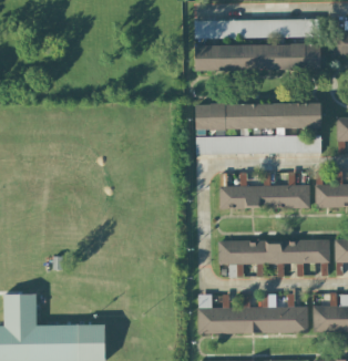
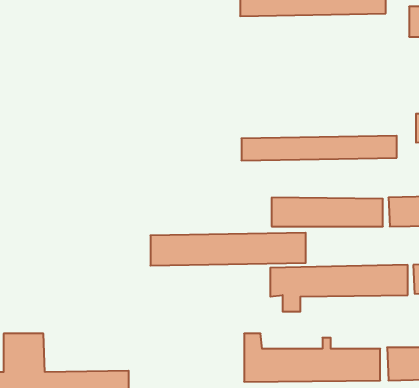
building: [195,44,321,71] -> none
building: [196,103,321,130] -> [150,233,306,266]

